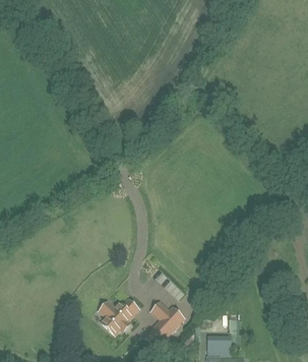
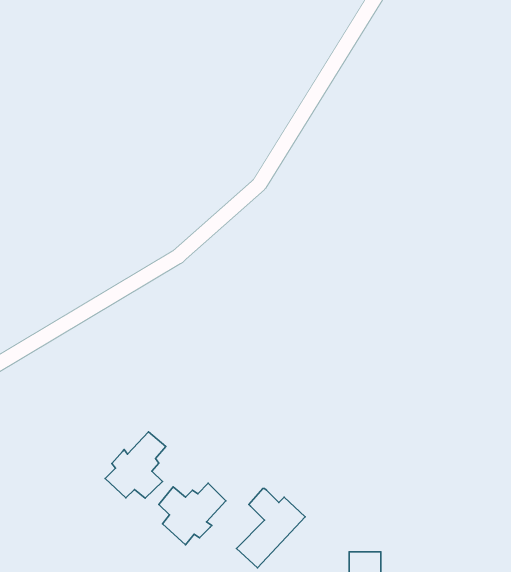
building: none -> [105,432,166,498]

